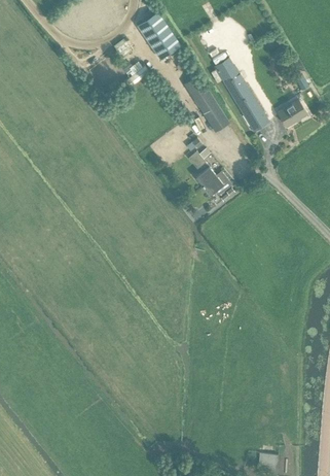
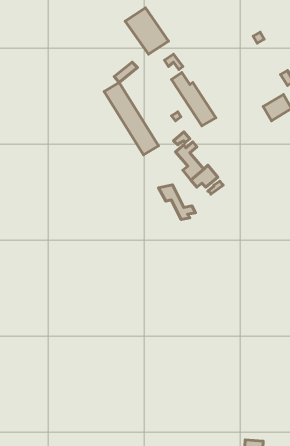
building: [214,57,269,131] -> [104,82,159,155]
building: none -> [158,185,195,220]

